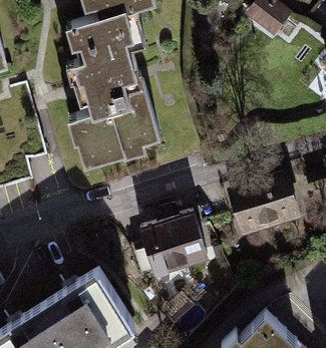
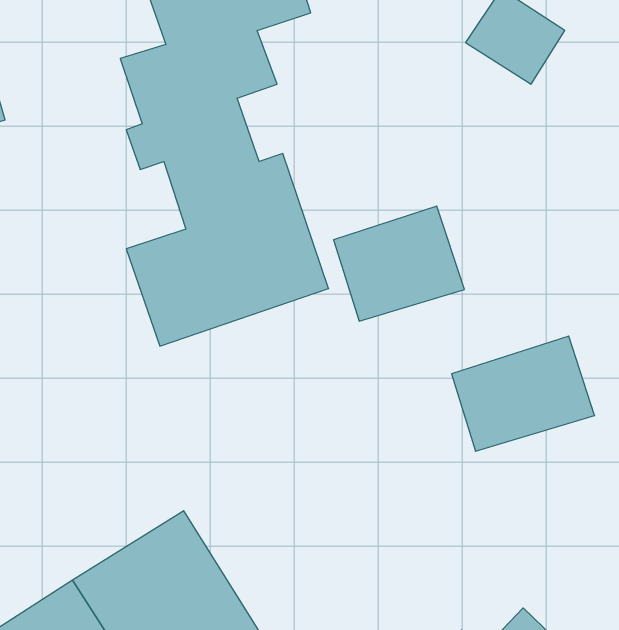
building: [145,210,212,268] -> [334,206,464,321]

